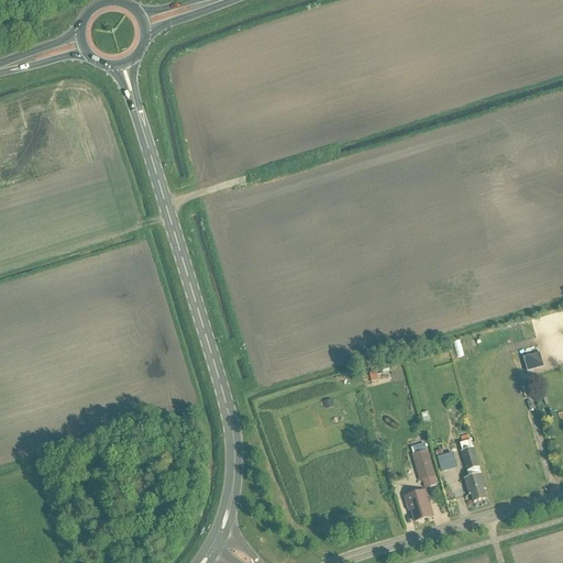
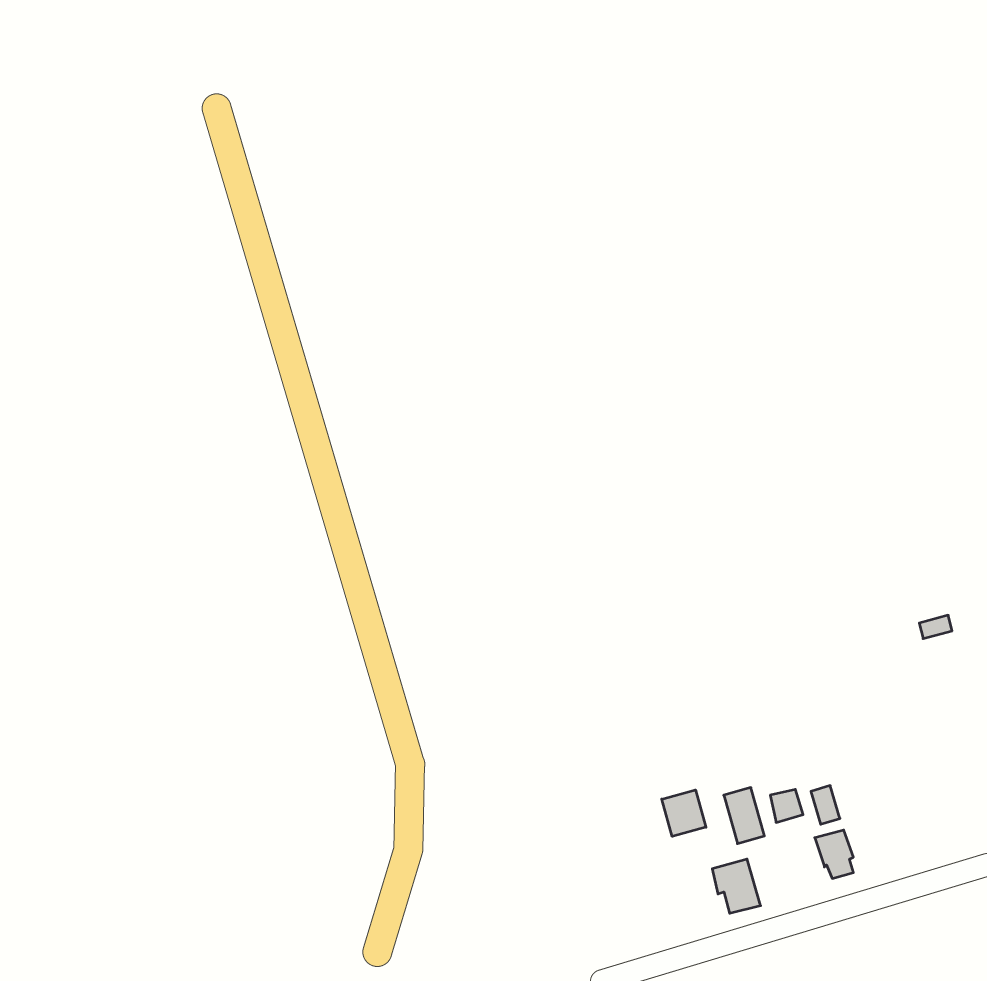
building: none -> [662,790,706,836]

